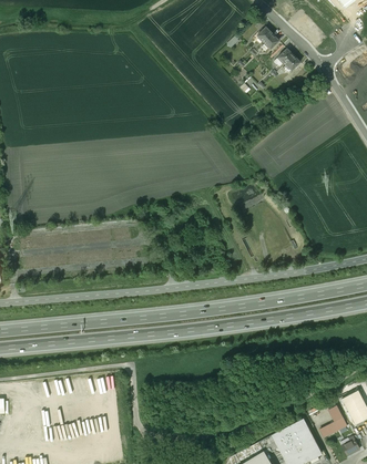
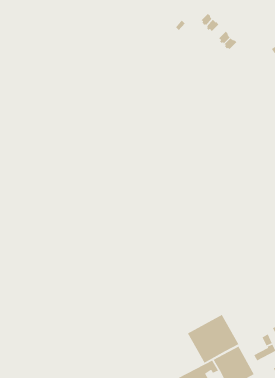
building: none -> [187,314,239,364]

